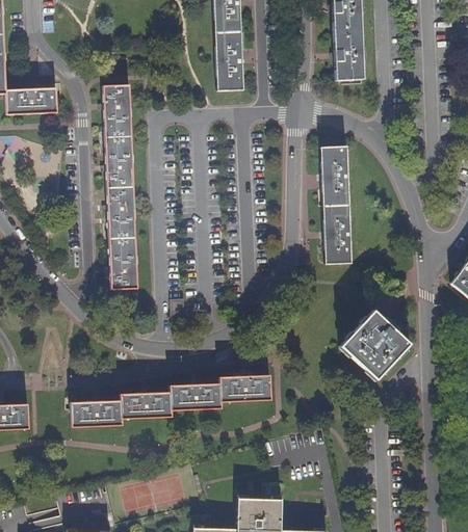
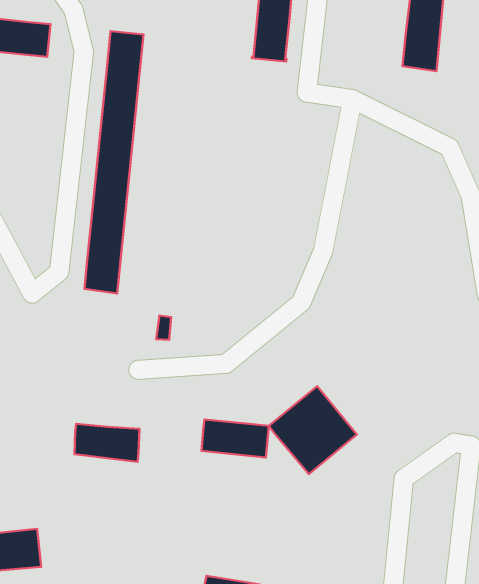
building: [320,145,352,263] -> none
building: [341,309,411,378] -> [269,386,357,474]
building: [170,382,222,409] -> none
building: [71,400,122,427] -> none

